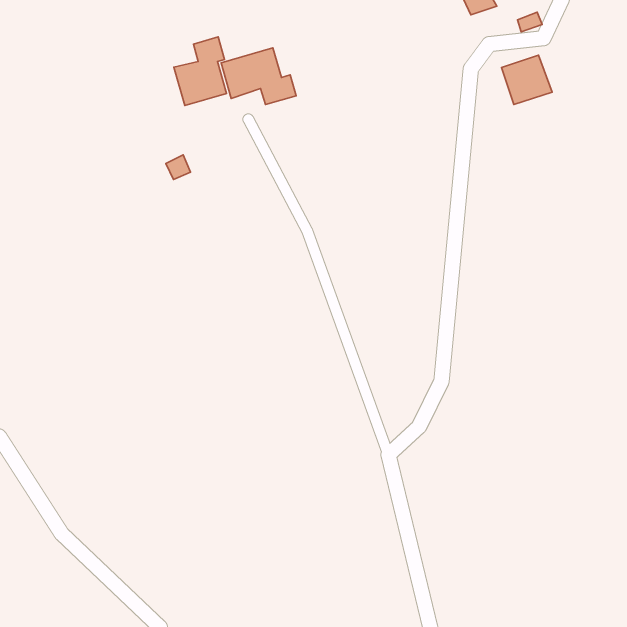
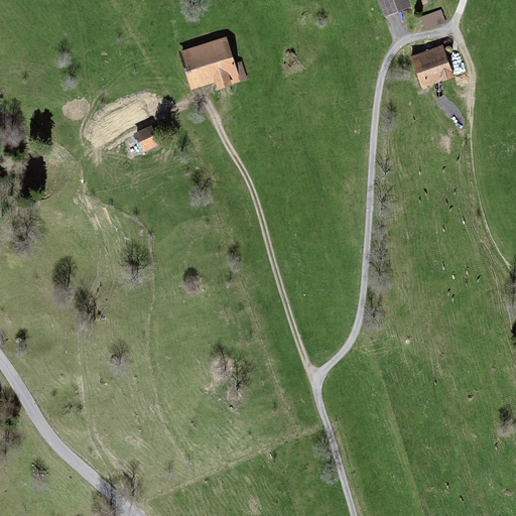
building: [174,37,226,105] -> none

